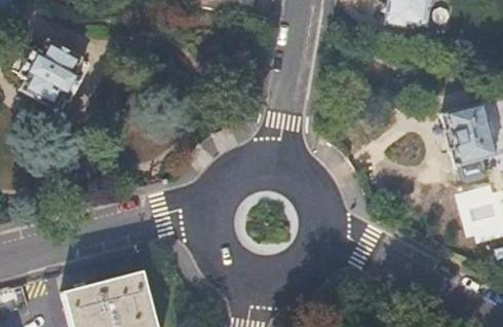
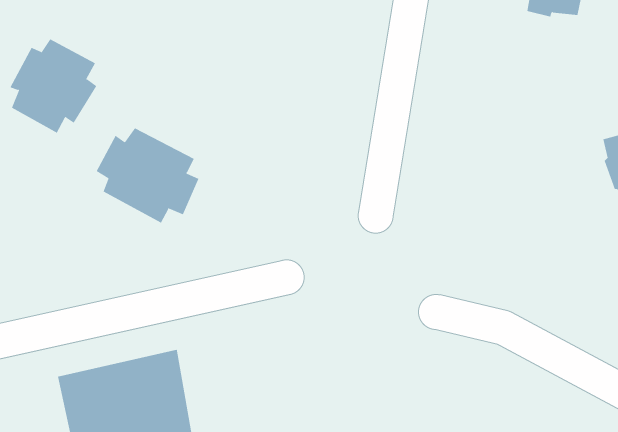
building: none -> [96,128,199,224]

